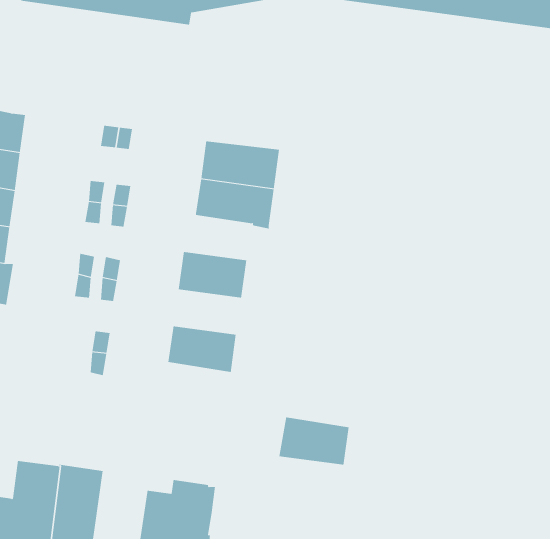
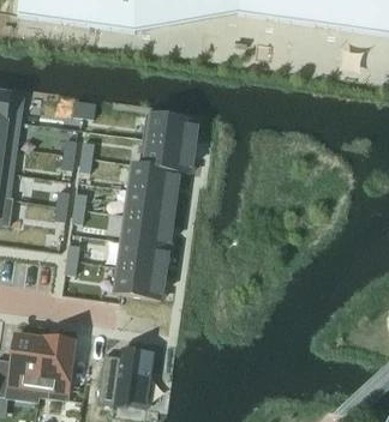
building: none -> [131,162,179,194]
building: none -> [124,215,172,246]
building: [279,417,349,465] -> [115,265,164,299]

